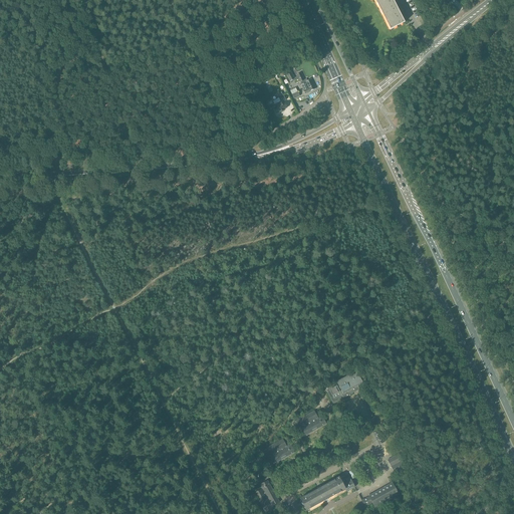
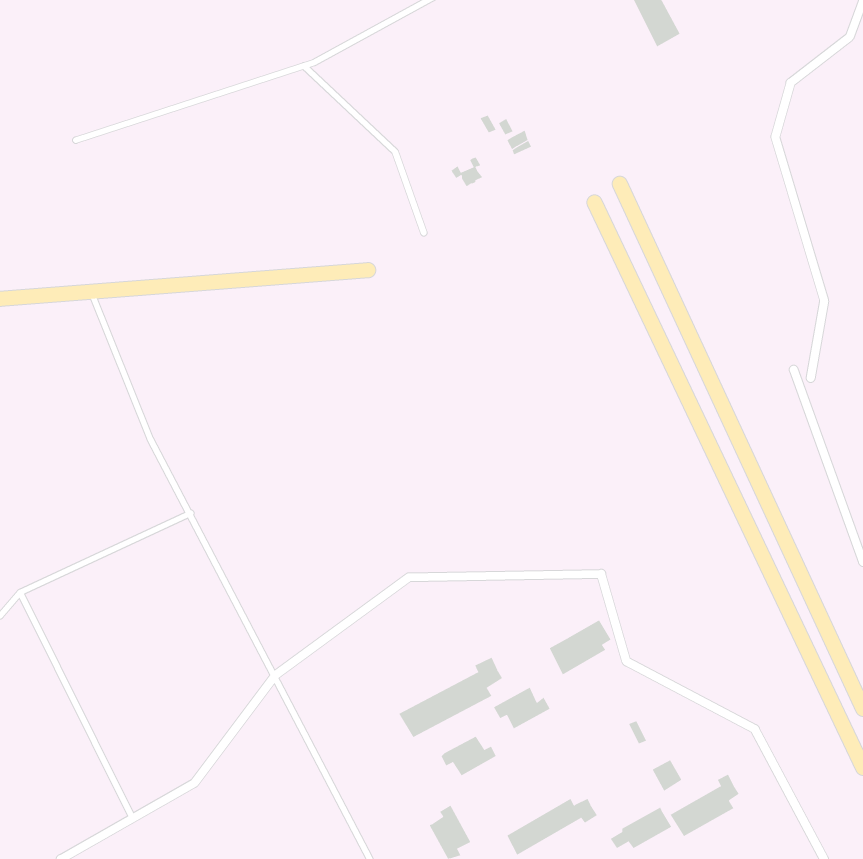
building: none -> [399,657,503,738]
building: none -> [670,774,739,837]

